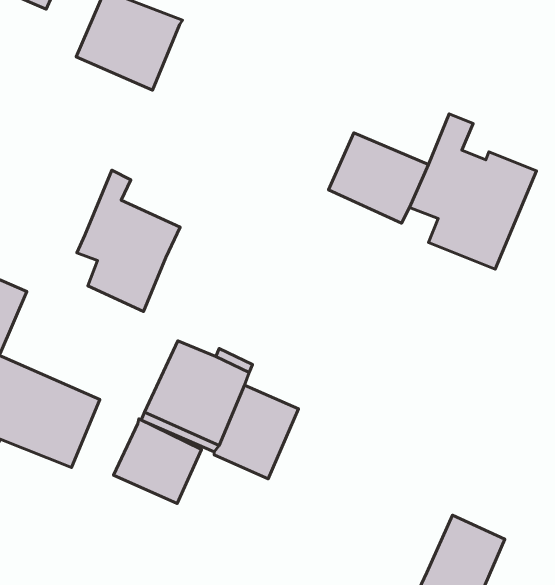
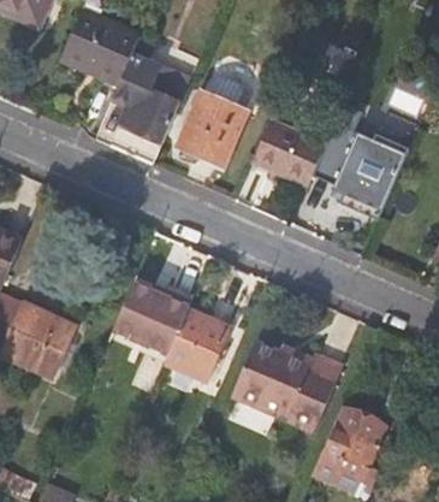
building: none -> [178,73,250,163]
building: [77,170,180,311] -> [112,36,190,143]
building: [114,419,201,503] -> none
building: none -> [229,350,339,442]

